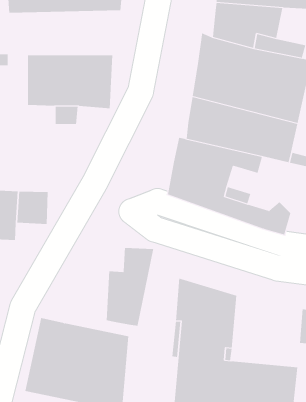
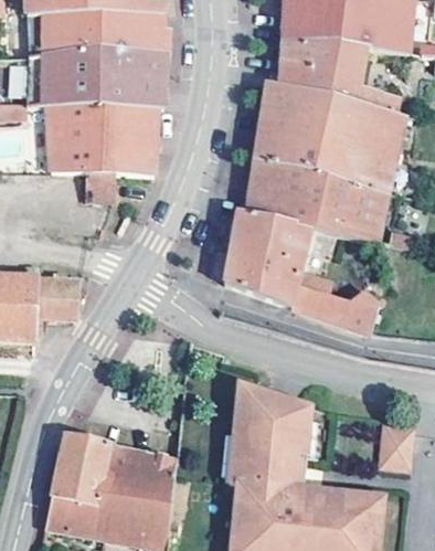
building: none -> [25,51,166,106]
building: [106,247,154,327] -> none

